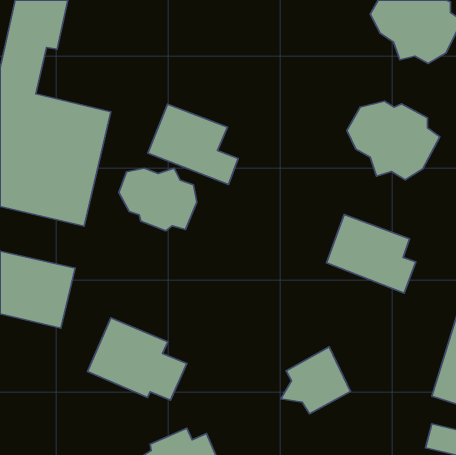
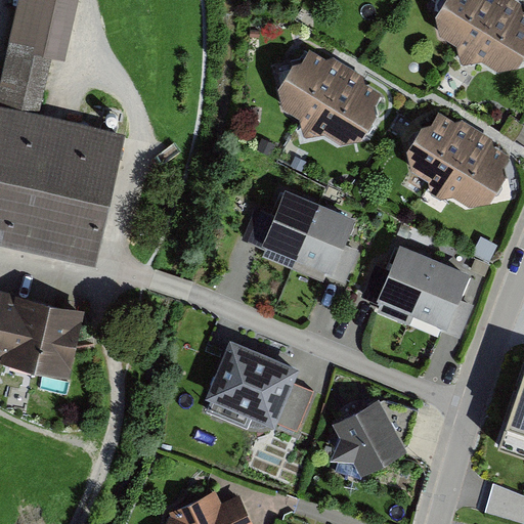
building: none -> [270,52,377,142]
building: [148,104,238,185] -> [257,189,360,281]
building: [119,168,197,231] -> none
building: [87,318,187,400] -> [200,340,313,434]

